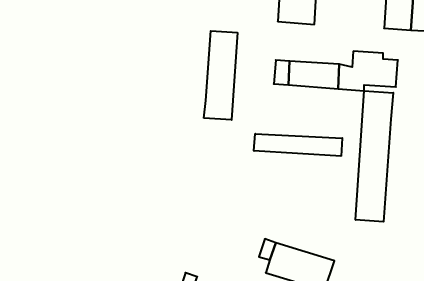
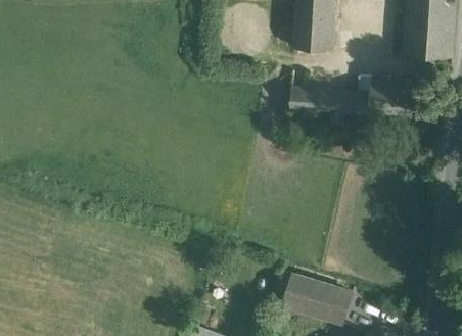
building: [204,31,237,120] -> none
building: [356,91,393,222] -> none
building: [254,134,342,156] -> none

